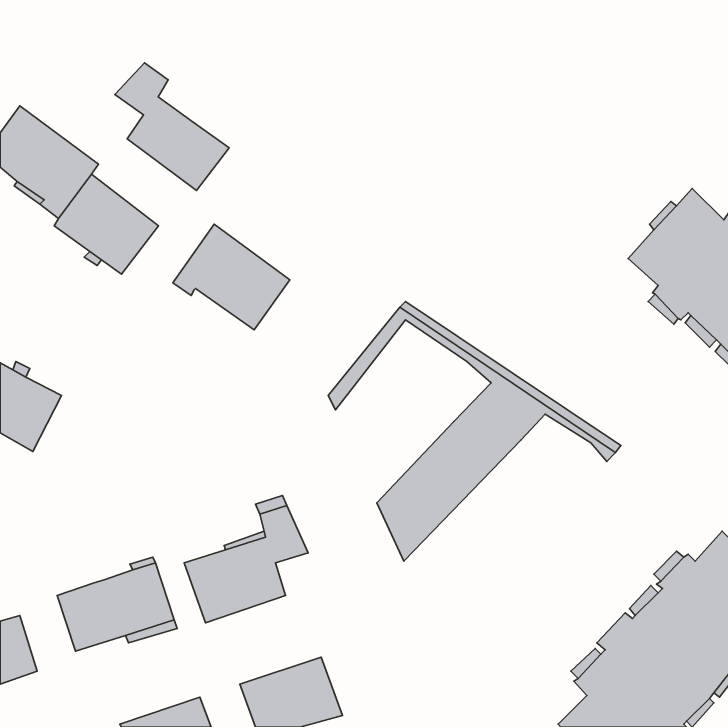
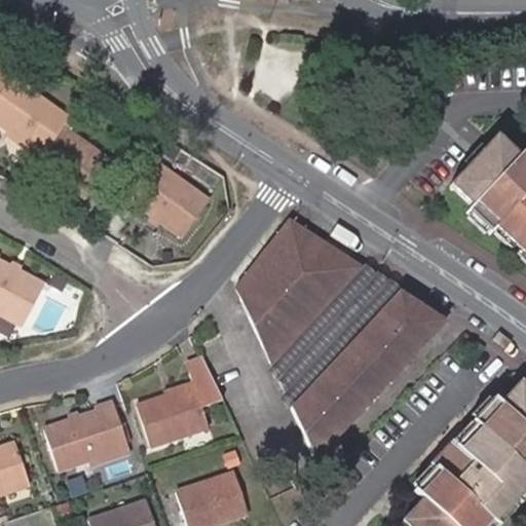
building: [115,63,229,191] -> none
building: none -> [242,230,354,362]
building: none -> [292,298,438,458]

